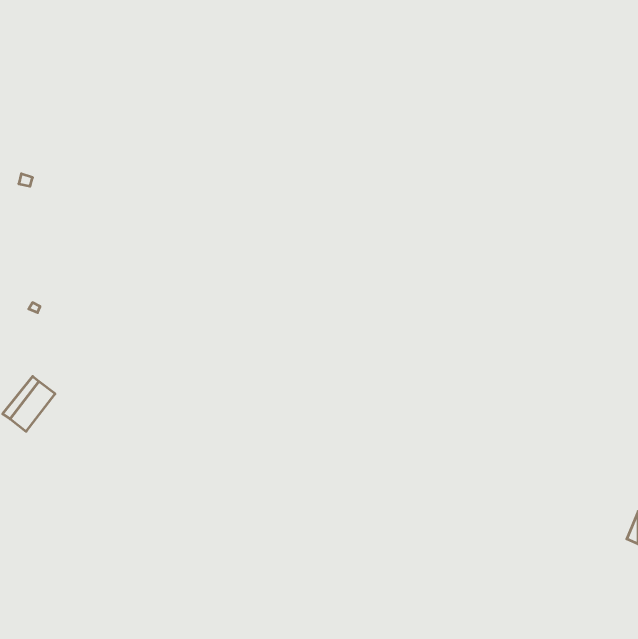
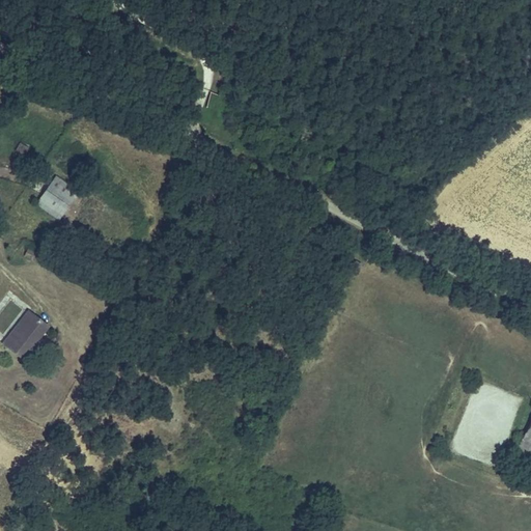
building: none -> [41,178,76,212]

